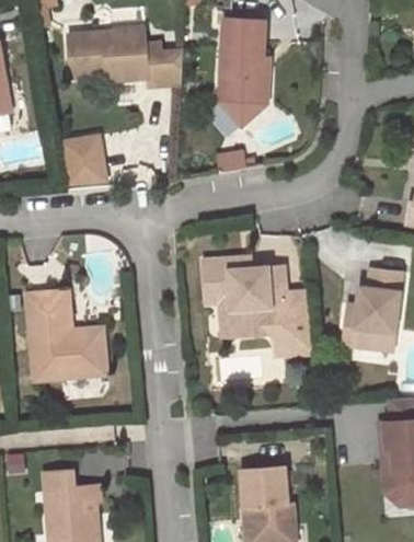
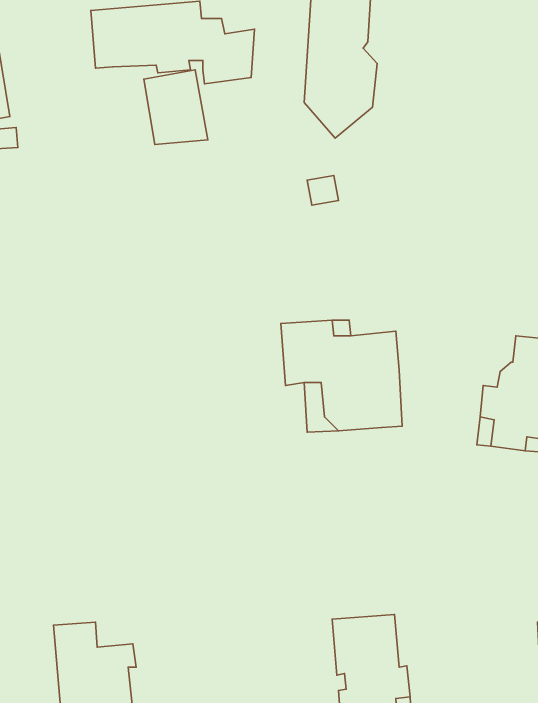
building: [61,131,106,184] -> [144,70,208,144]
building: [27,288,107,379] -> none
building: [274,290,311,353] -> none

